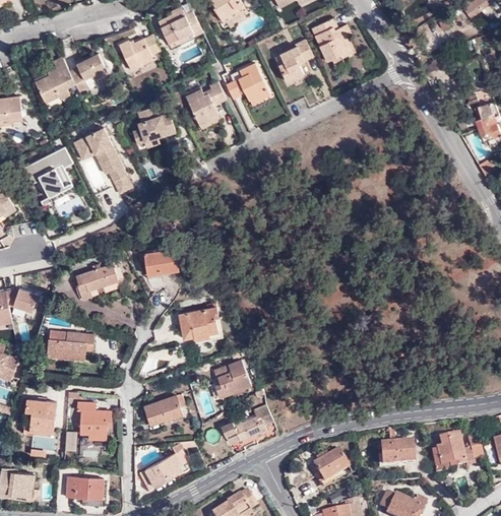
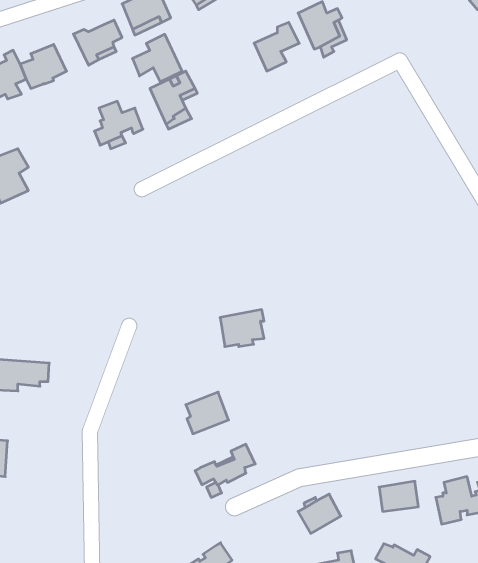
building: [225,61,268,103] -> [132,34,182,82]
building: [73,126,134,195] -> none
building: [143,249,178,278] -> none
building: [76,265,118,301] -> none
building: [179,307,217,339] -> [220,310,264,347]
building: [144,394,185,422] -> none
building: [75,403,109,433] -> none
building: [143,444,188,488] -> none
building: [65,477,102,500] -> none

